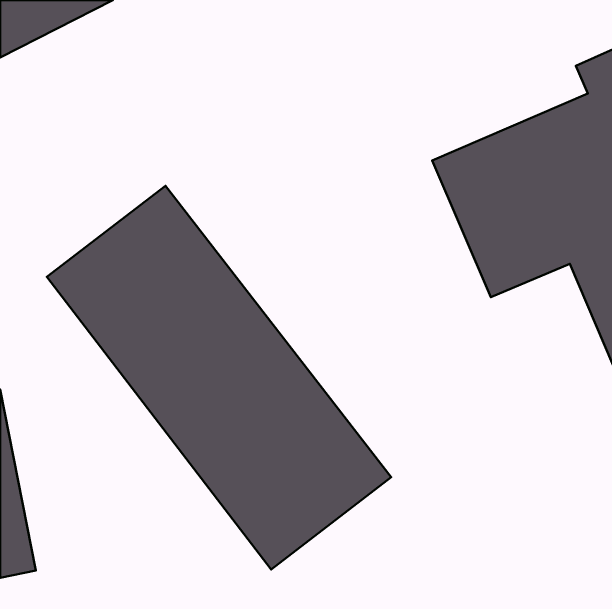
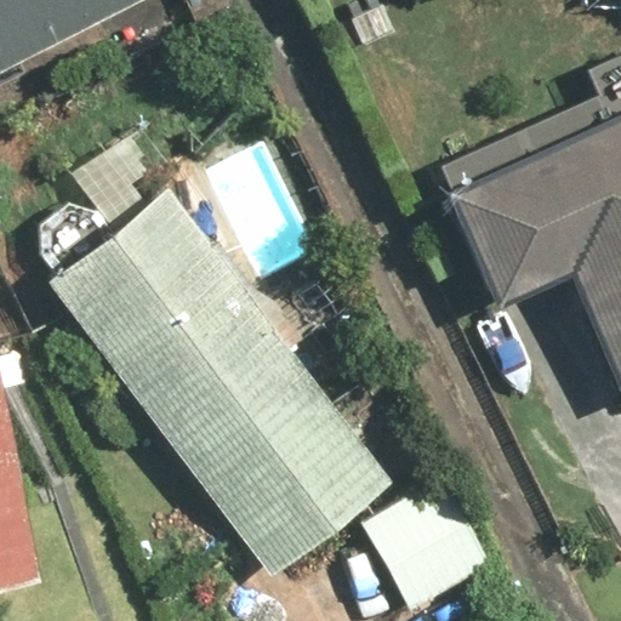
building: none -> [363,480,486,604]

